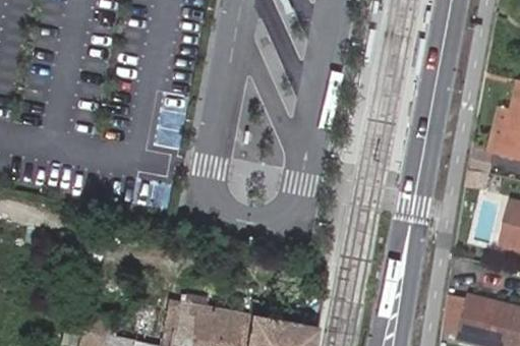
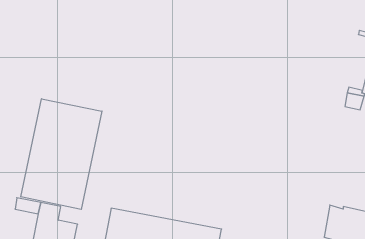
building: none -> [21,99,102,209]

